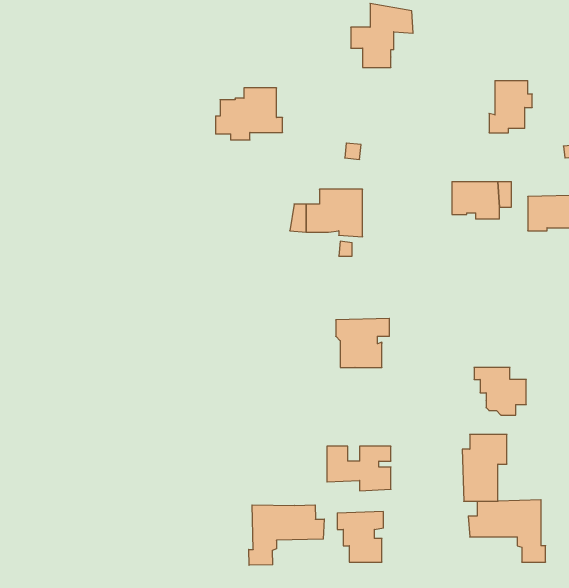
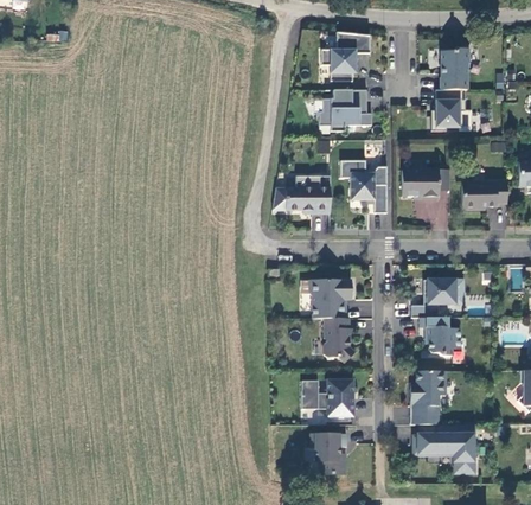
building: none -> [442,50,469,90]
building: [216,88,283,140] -> [319,90,372,132]
building: none -> [340,161,388,213]
building: none -> [411,281,463,319]
building: none -> [325,319,354,363]
building: [249,505,324,565] -> none

